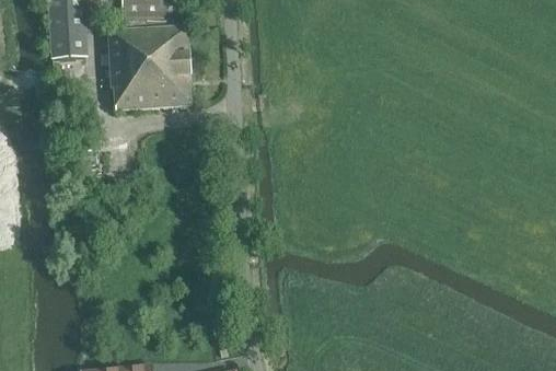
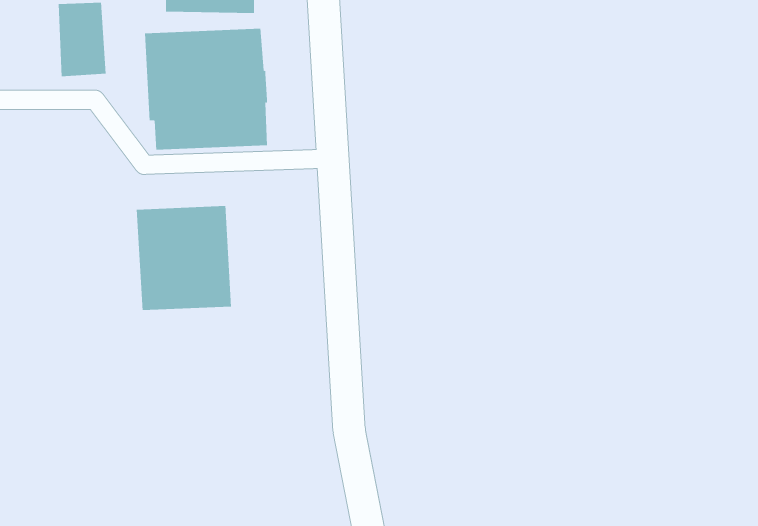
building: none -> [136,205,232,311]

